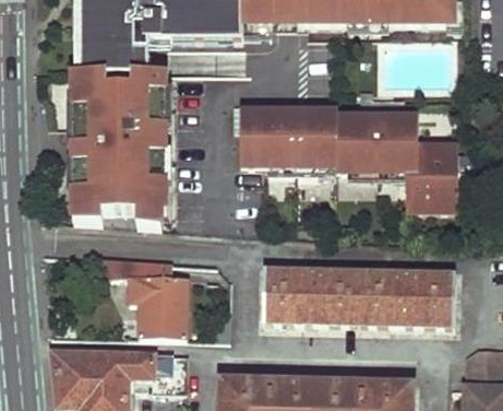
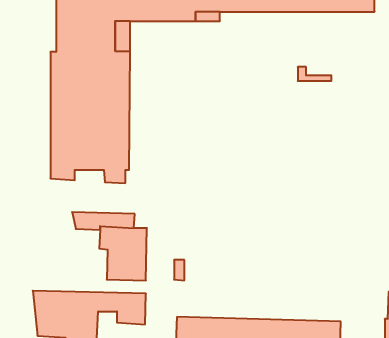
building: [239,108,457,208] -> none
building: [261,266,453,326] -> none

